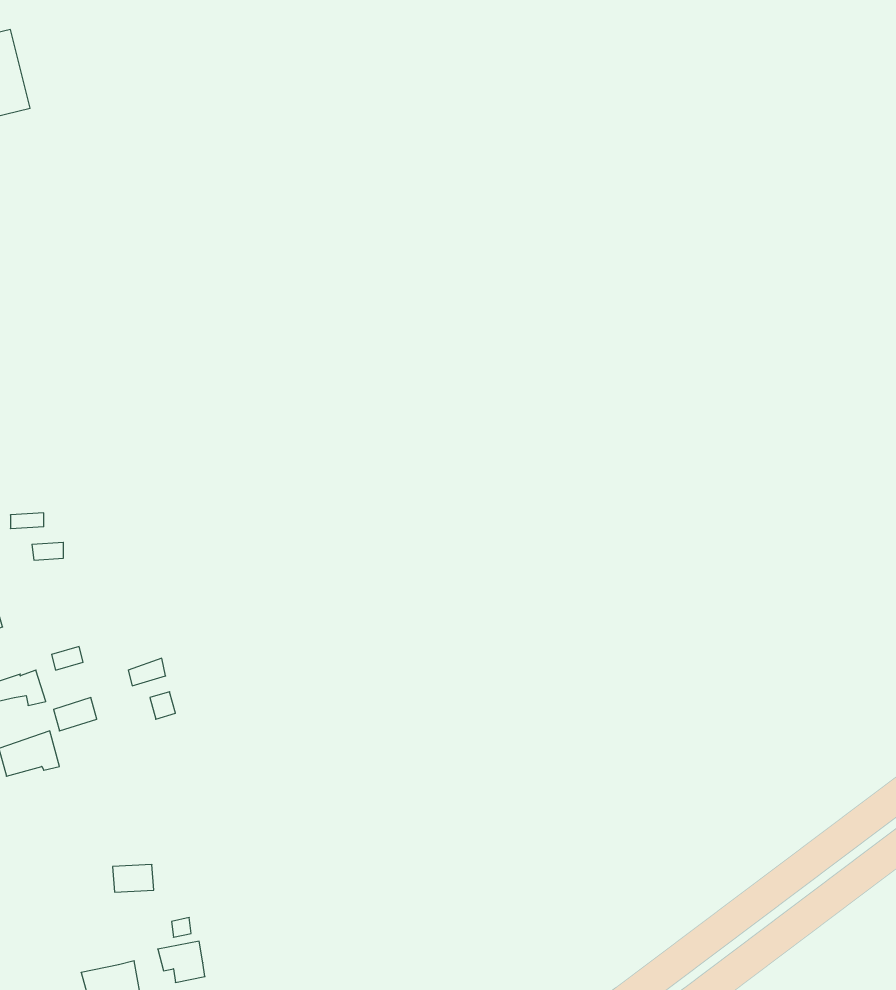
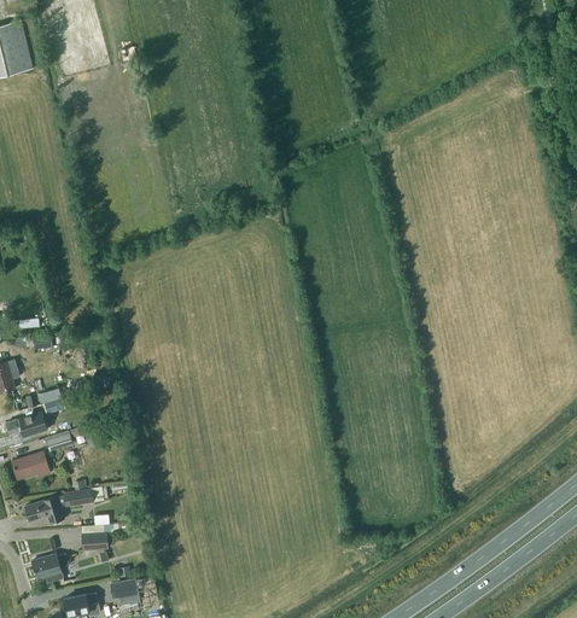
building: none -> [23,485,101,523]
building: none -> [30,555,68,584]

